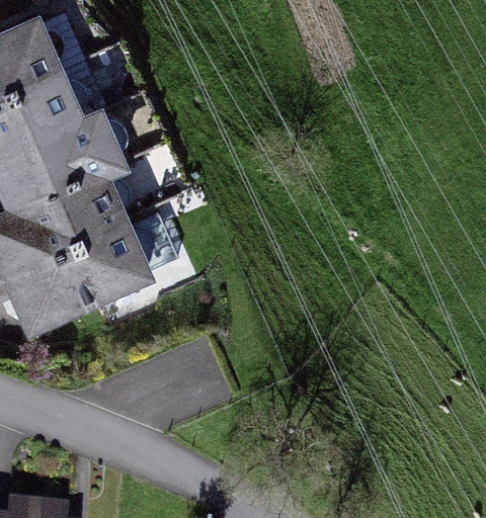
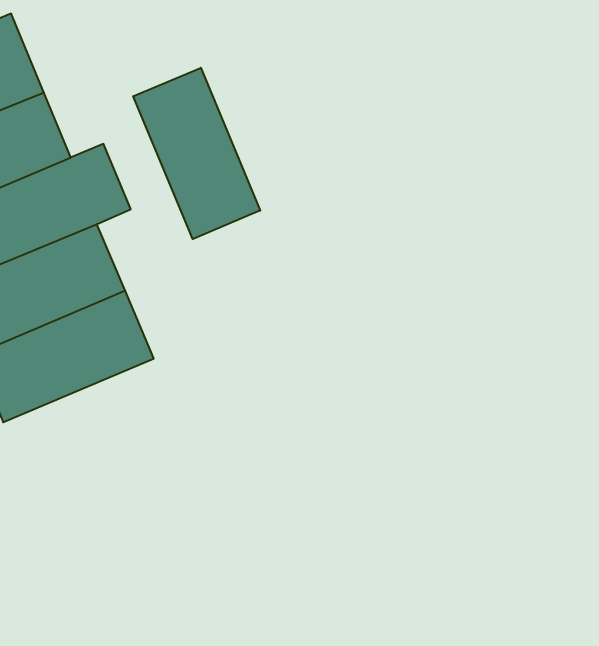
building: none -> [133,68,260,239]

